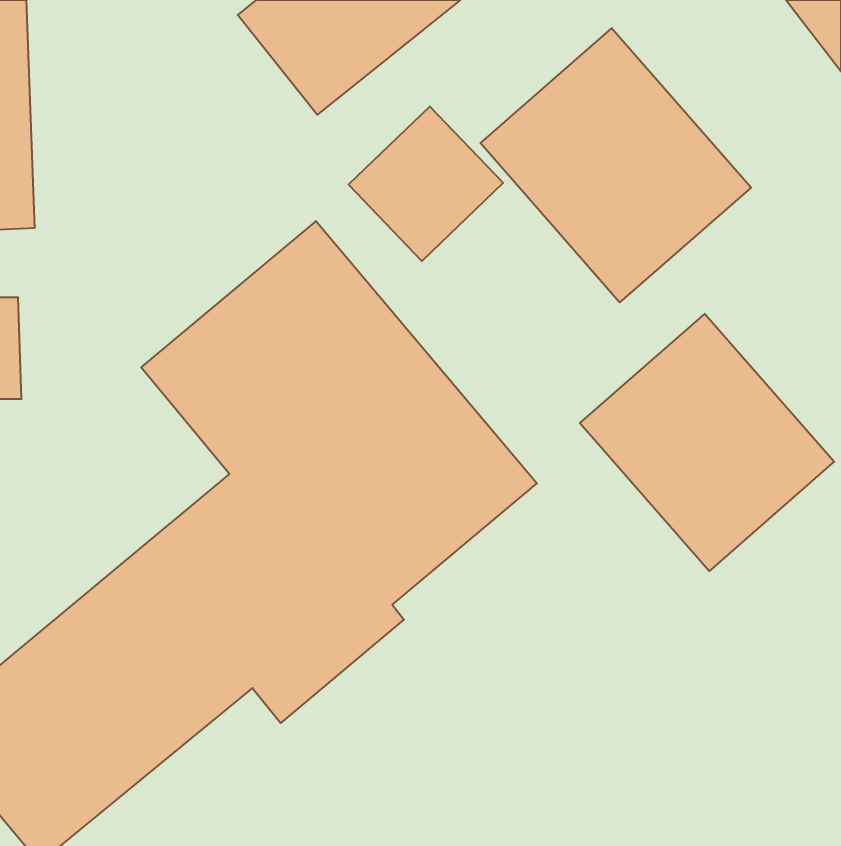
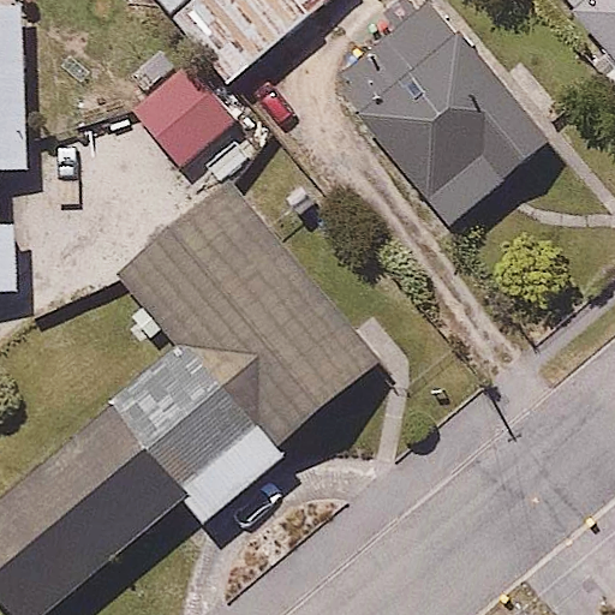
building: [349,106,503,261] -> [129,54,240,166]
building: [580,314,834,571] -> none

